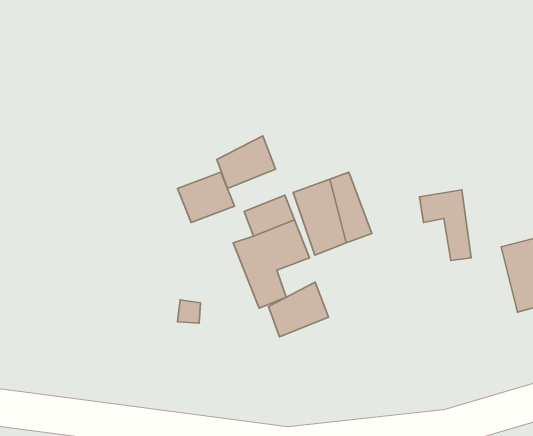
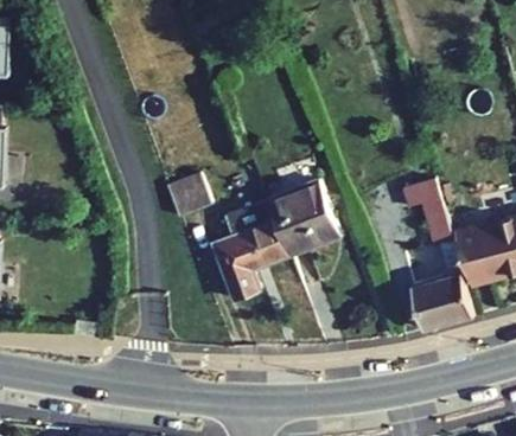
building: [217,136,276,188] -> none
building: none -> [412,241,477,341]
building: [268,282,329,337] -> none

